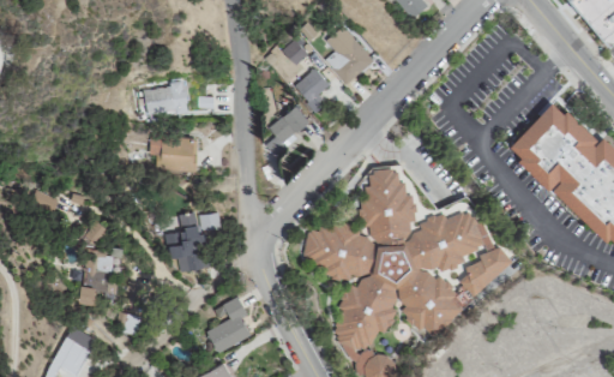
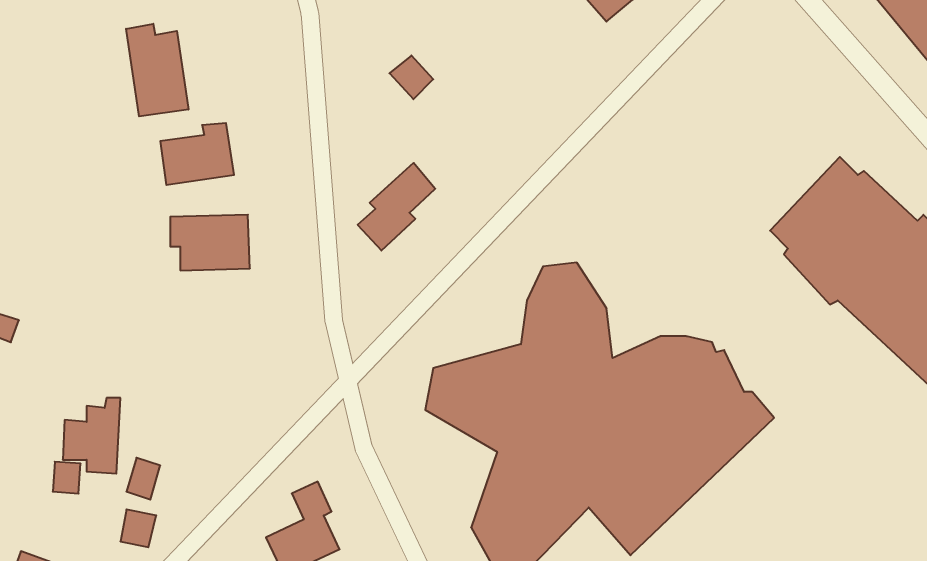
building: none -> [126,24,188,116]
building: [325,28,374,86] -> none
building: [295,70,331,114] -> none
building: [165,213,222,273] -> none

